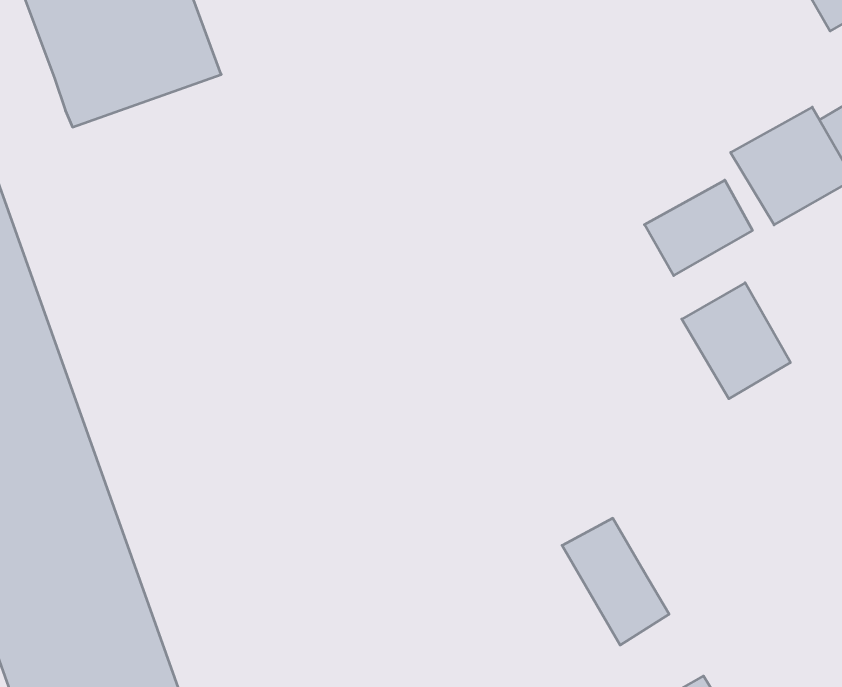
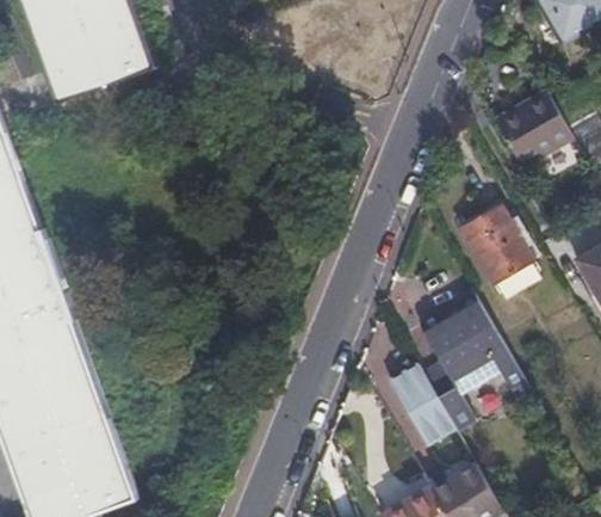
building: [644,180,752,276] -> none
building: none -> [414,293,526,429]

